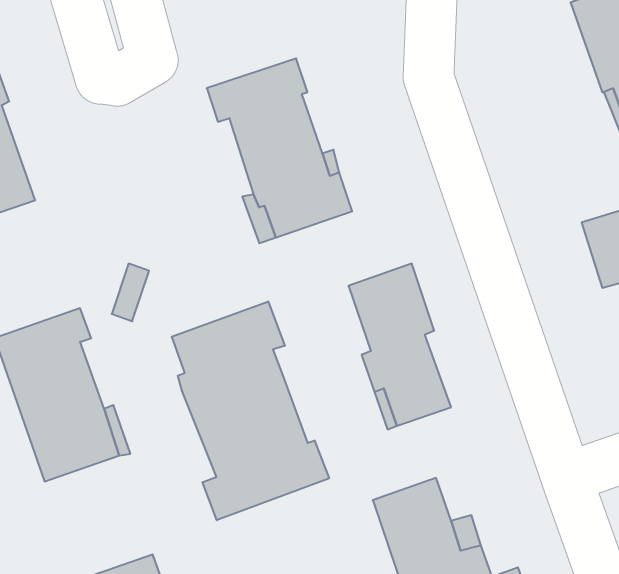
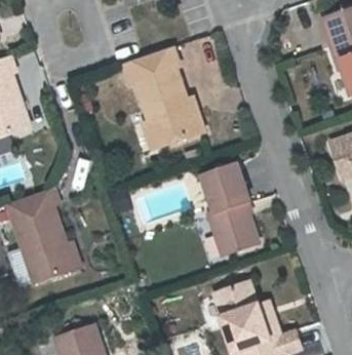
building: [172,301,329,520] -> none

